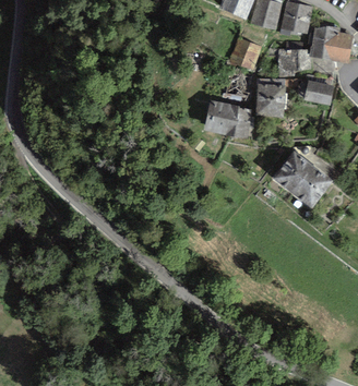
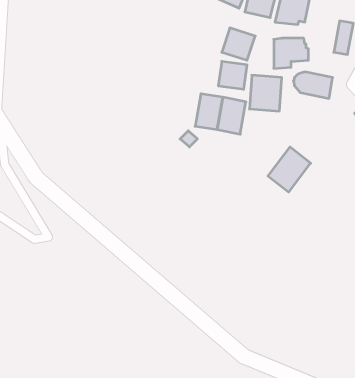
building: [310,23,341,61] -> none
building: [293,166,333,207] -> none

